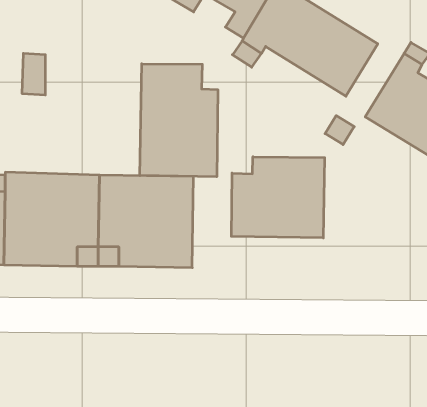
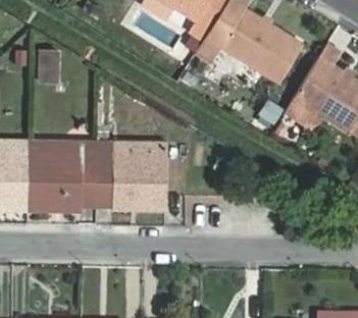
building: [140,64,218,177] -> none
building: [231,157,325,238] -> none

